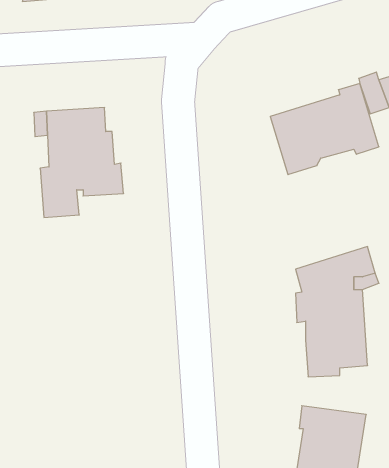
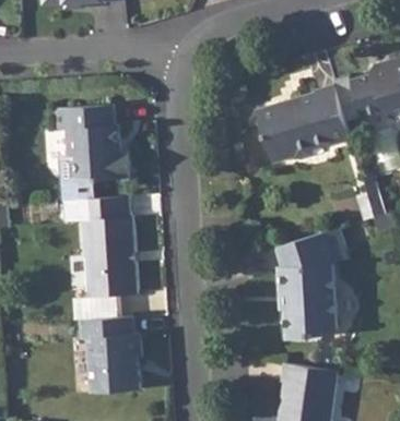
building: none -> [58,197,136,297]
building: none -> [77,317,141,393]

